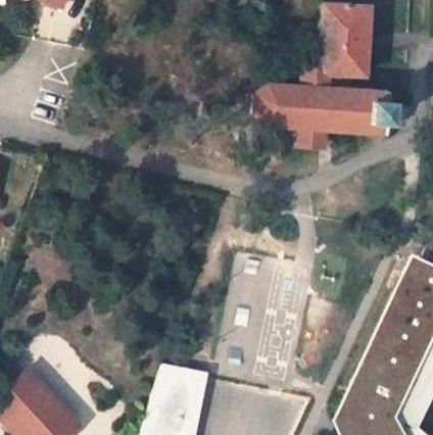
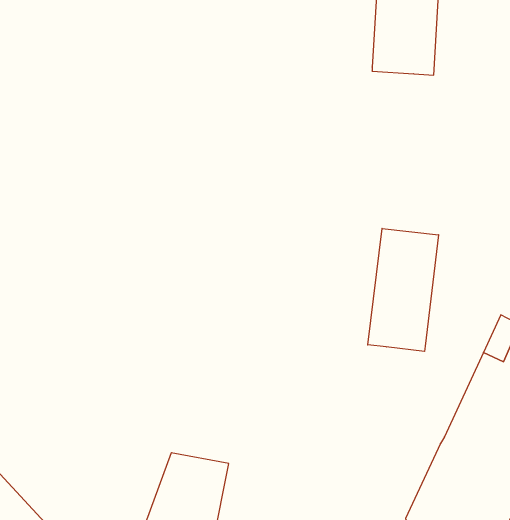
building: [254,68,389,148] -> none
building: none -> [368,228,439,351]

